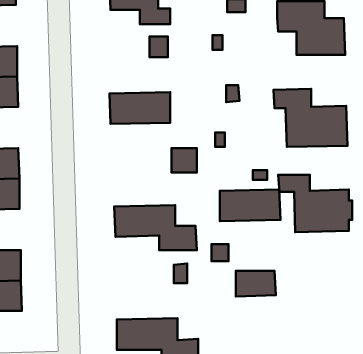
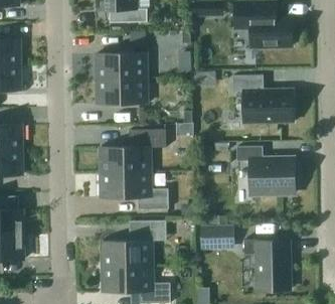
building: none -> [96,52,146,79]
building: [220,189,280,221] -> [100,146,150,172]
building: none -> [243,239,288,290]
building: none -> [102,240,152,266]

